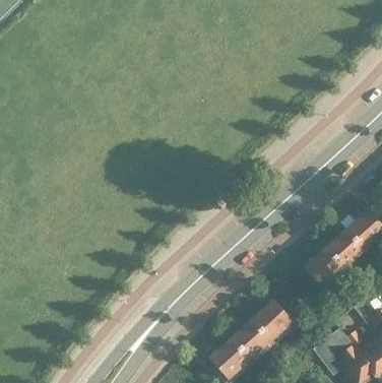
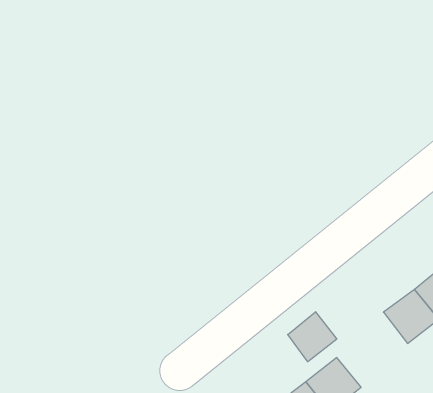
building: none -> [288,312,337,362]

